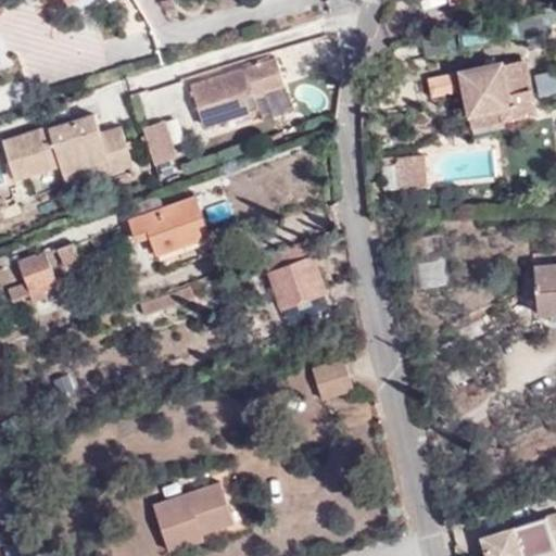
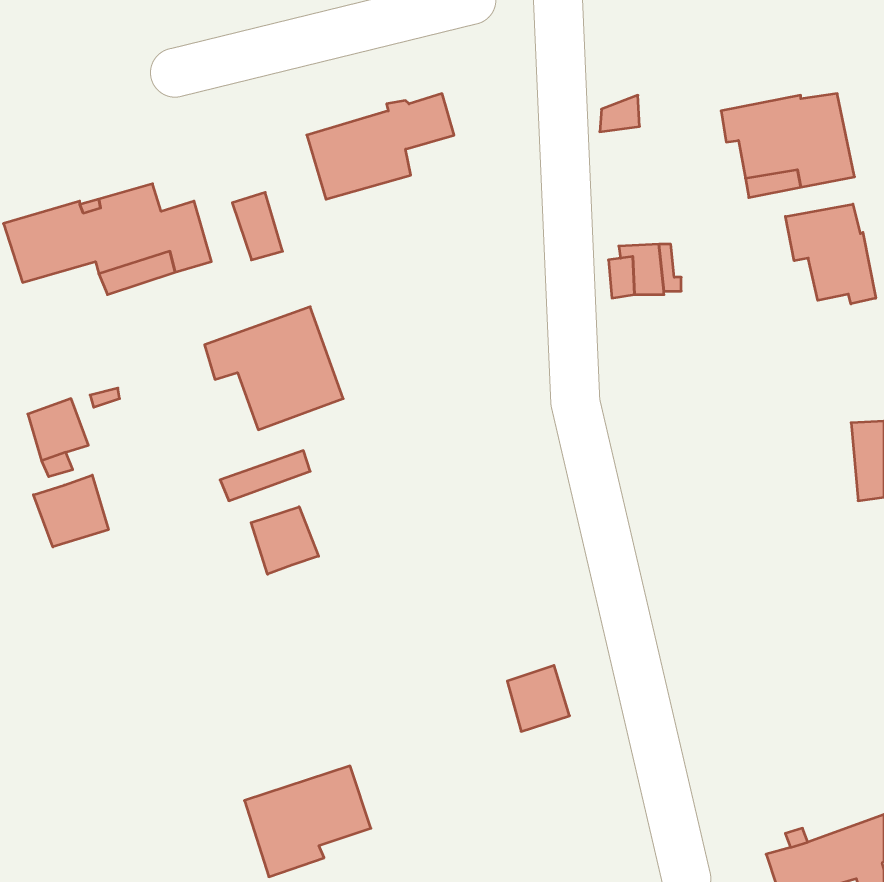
building: none -> [785,204,876,304]
building: [263,242,325,307] -> none
building: none -> [33,475,108,547]
building: none -> [251,507,319,574]
building: [312,357,351,399] -> [507,665,570,731]

